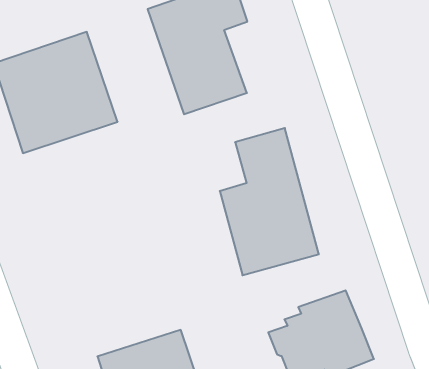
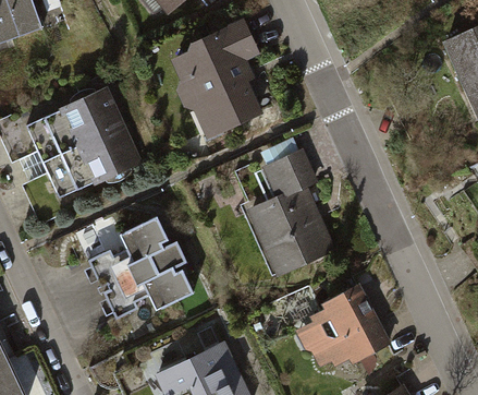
building: none -> [82,212,191,316]

